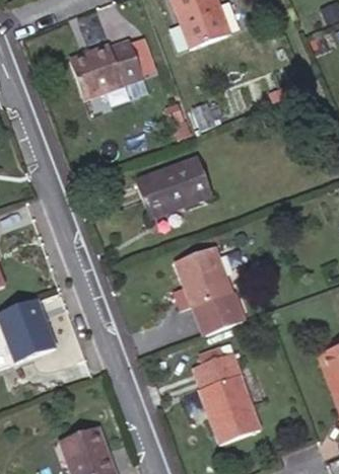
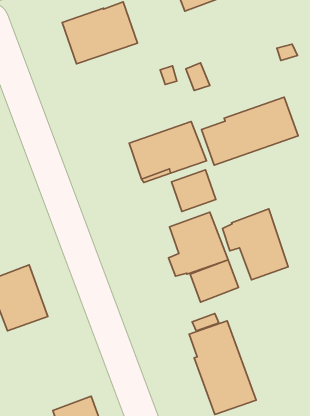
building: none -> [201,97,298,165]
building: none -> [172,170,216,211]
building: none -> [222,209,288,280]

